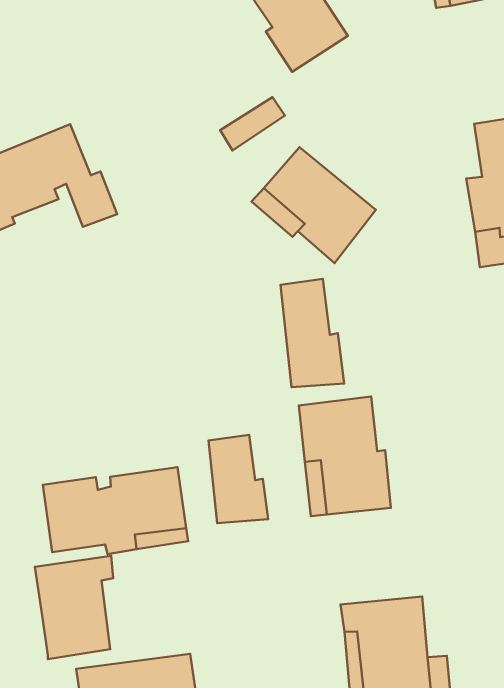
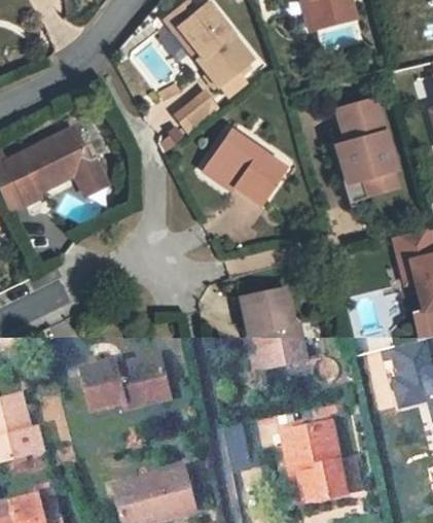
building: [281,279,344,387] -> none
building: [209,435,268,523] -> none
building: [35,556,113,659] -> none

